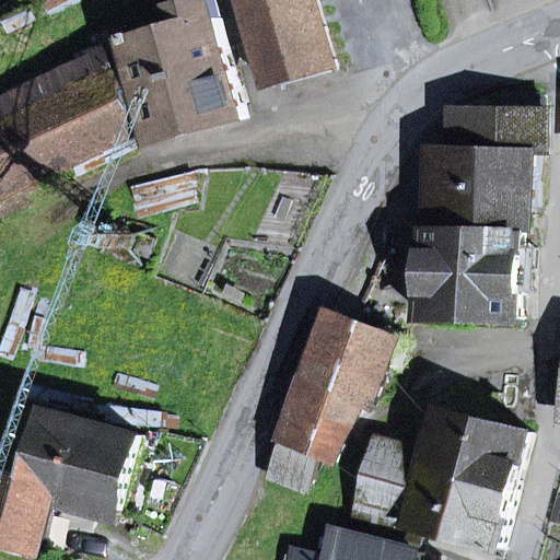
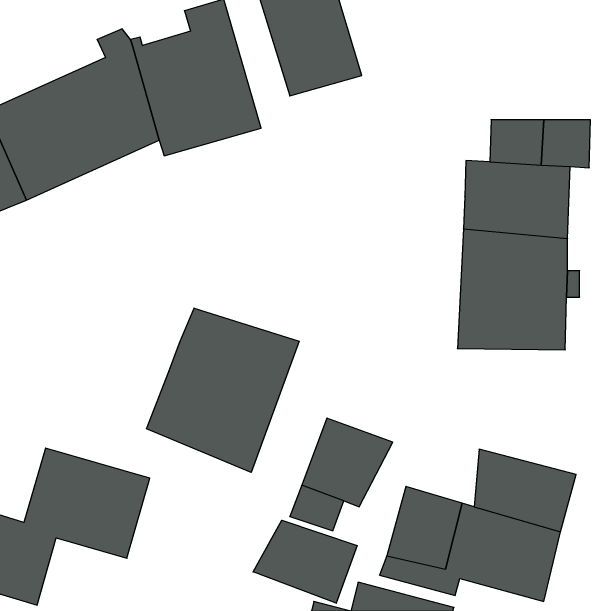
building: none -> [146,308,299,472]
building: [299,316,388,406] -> none
building: none -> [253,520,357,603]

